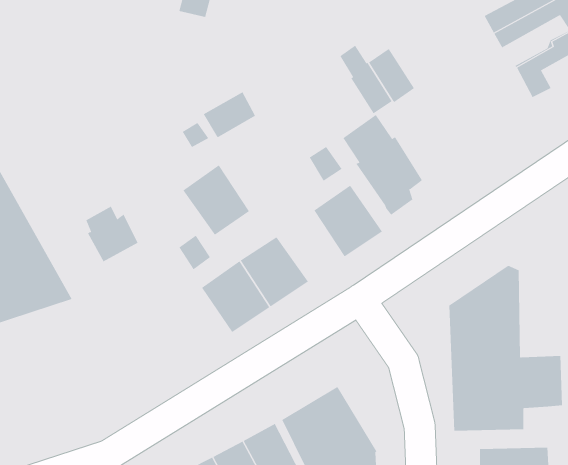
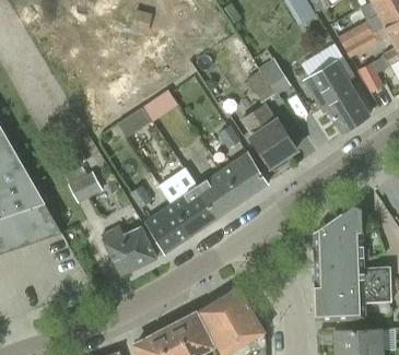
building: none -> [302,57,368,132]
building: [182,165,250,235] -> [196,168,242,216]
building: none -> [102,225,156,274]

